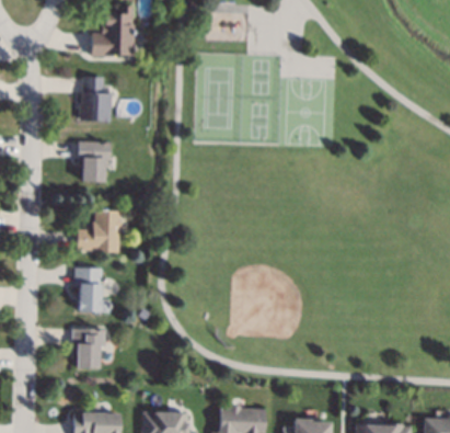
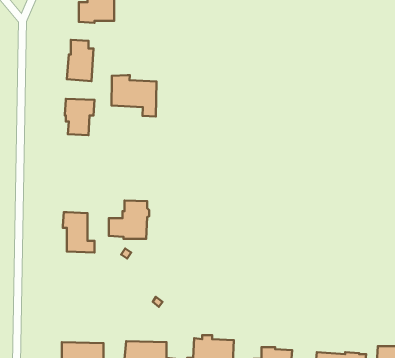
building: none -> [112,75,156,116]
building: [78,209,123,252] -> [109,200,149,239]
building: [73,329,107,369] -> none

